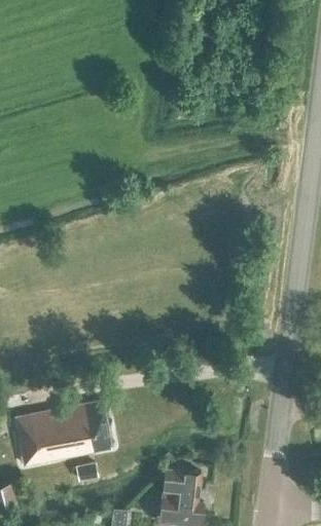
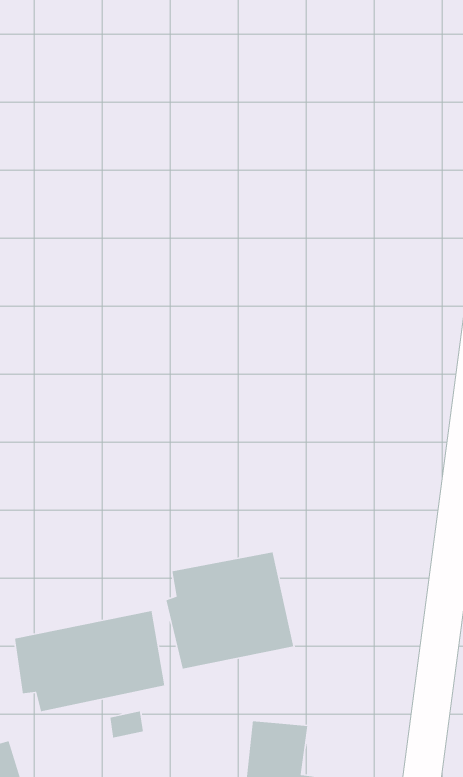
building: none -> [166,551,294,670]

